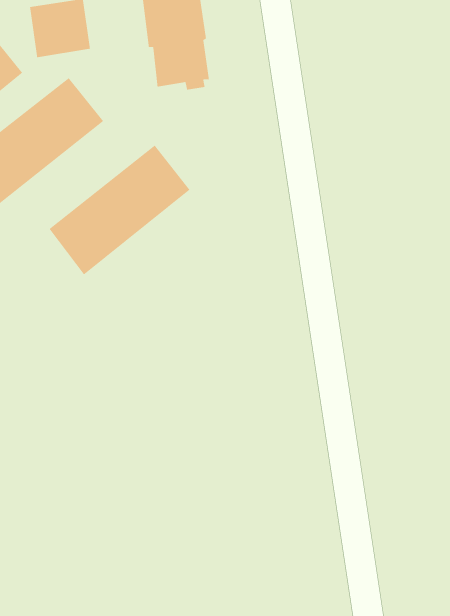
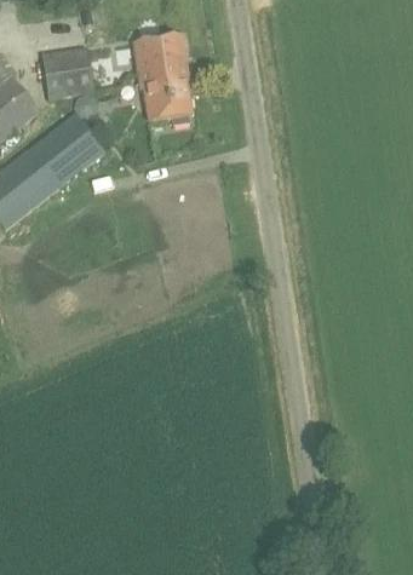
building: [49,145,190,275] -> none

